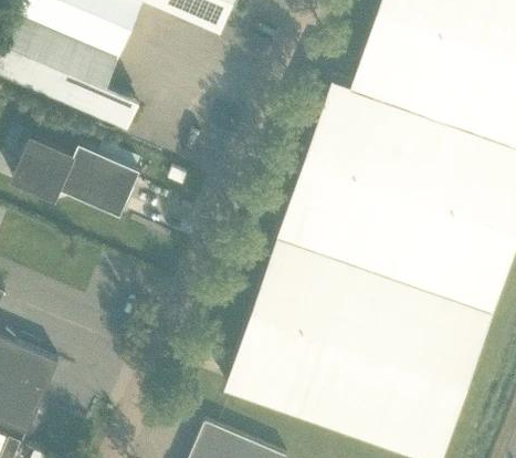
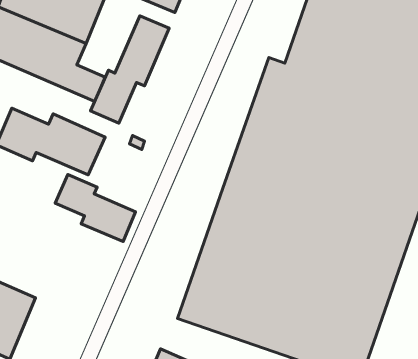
building: none -> [91,16,169,123]
building: none -> [55,174,136,241]

